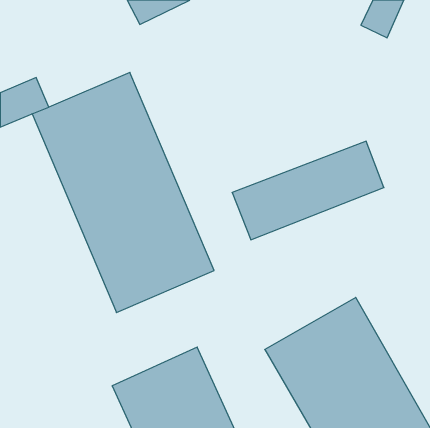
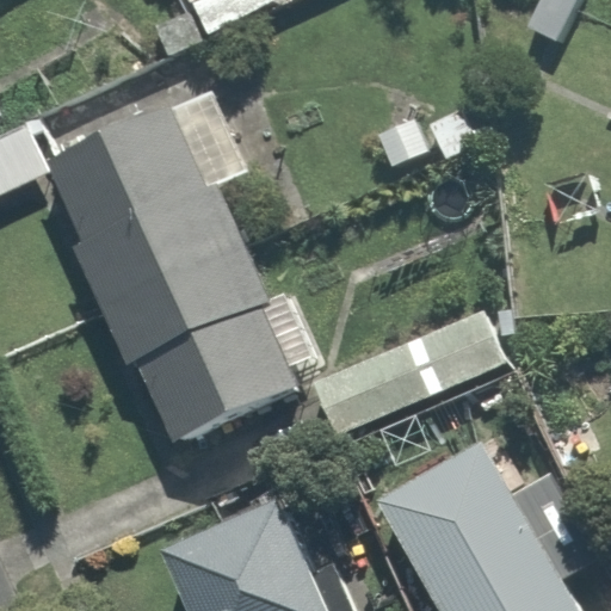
building: [232,141,384,240] -> [302,307,517,446]

